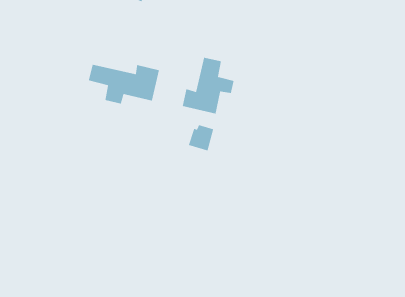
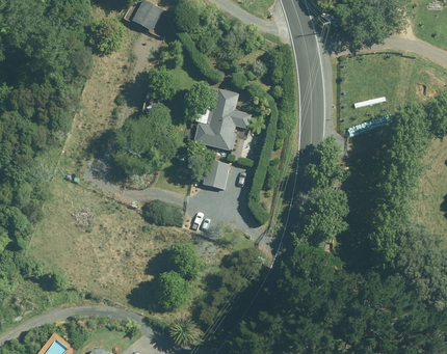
building: [88,64,160,105] -> none

